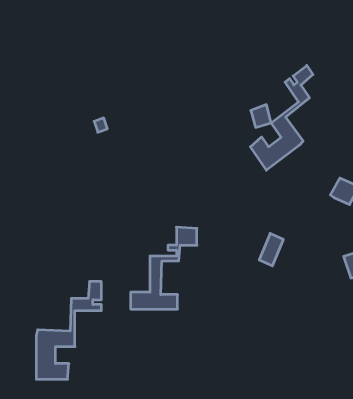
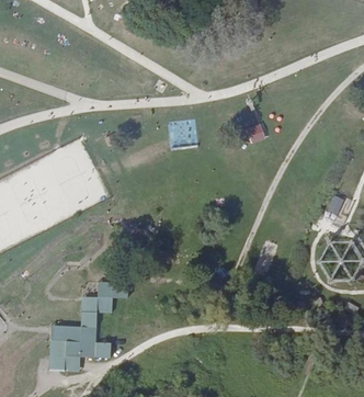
building: [250,65,313,170] -> none
building: [131,227,197,309] -> [68,282,128,356]

